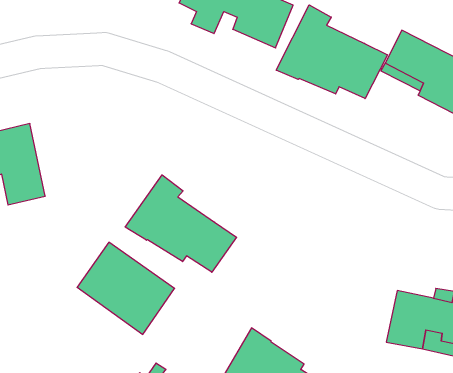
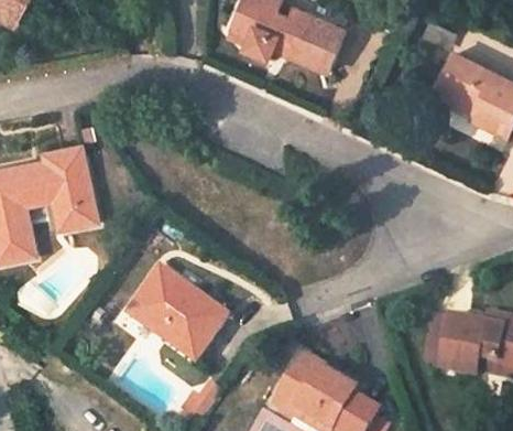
building: [276,5,387,99] -> none
building: [125,175,237,272] -> none

